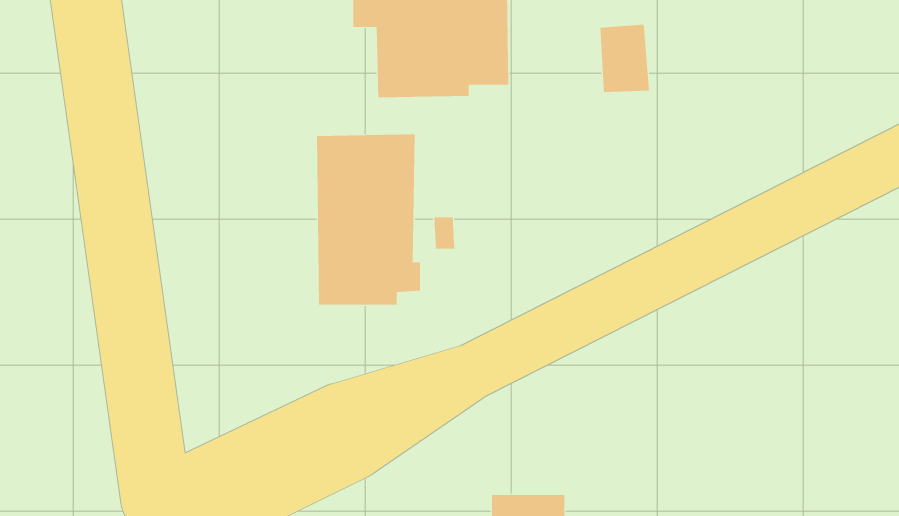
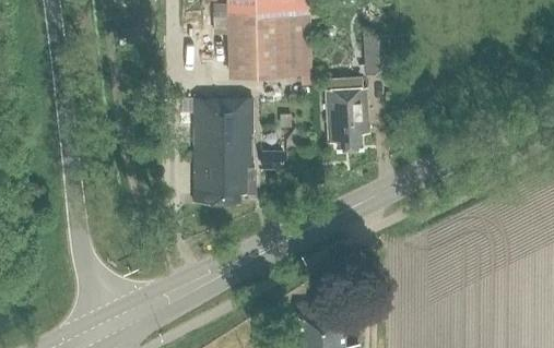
building: none -> [326,87,369,149]

